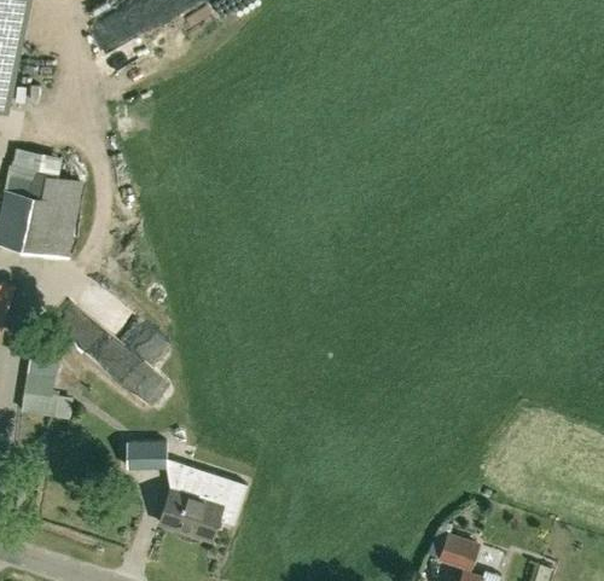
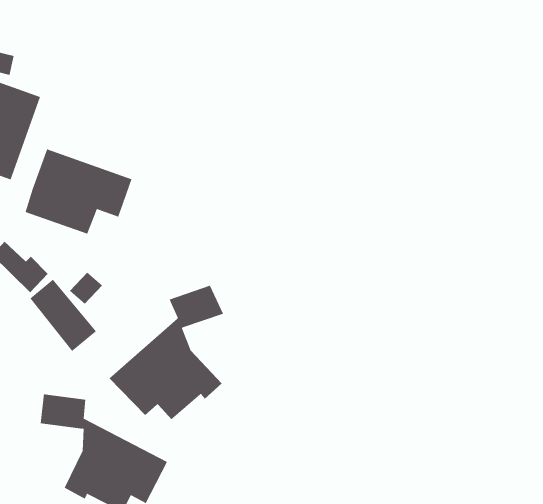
building: none -> [25,148,132,235]
building: none -> [108,285,224,420]

